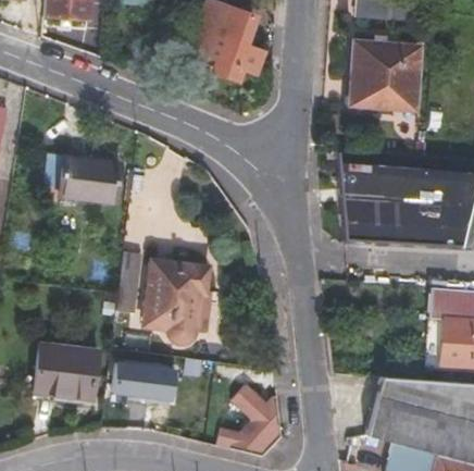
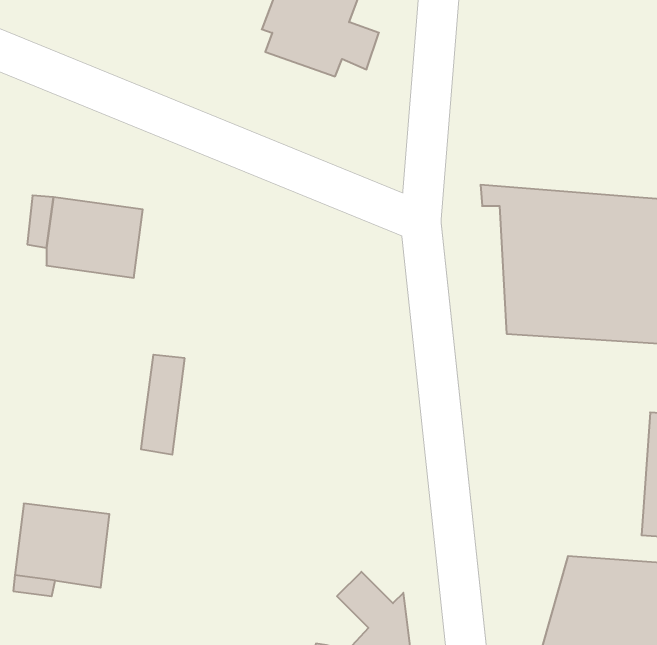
building: [350,41,420,109] -> none
building: [147,261,211,339] -> none
building: [113,363,177,399] -> none

